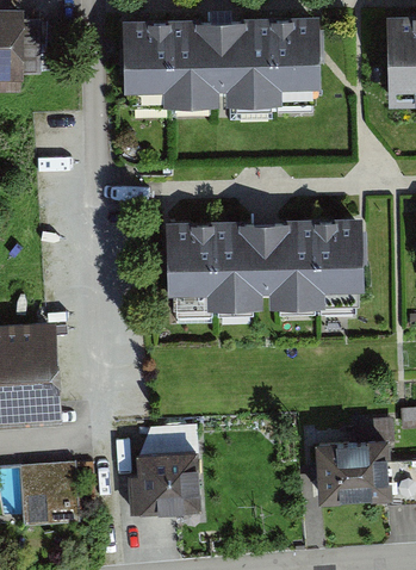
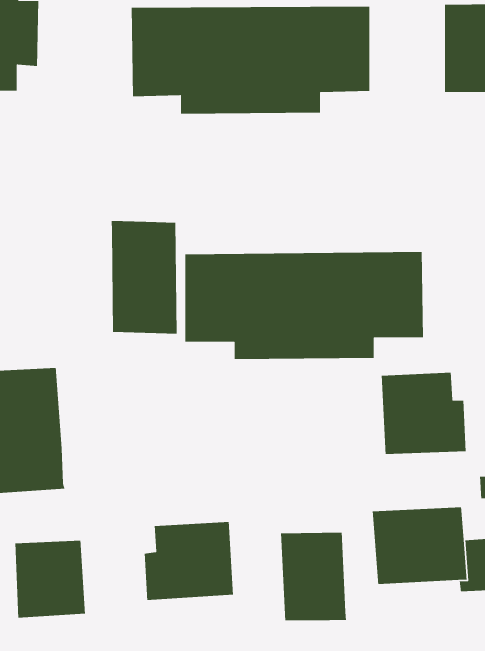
building: none -> [111,220,177,334]
building: none -> [381,372,466,455]
building: none -> [280,532,347,621]

